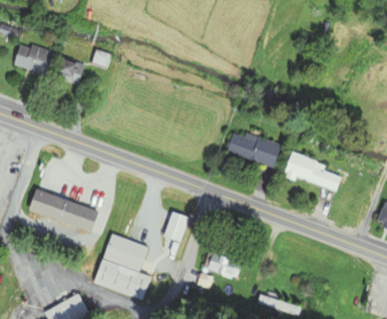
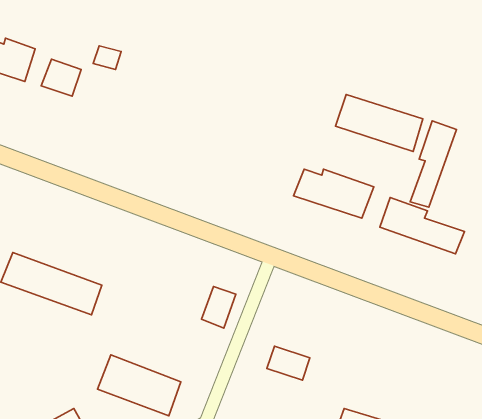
building: none -> [336,94,423,151]
building: none -> [410,121,456,207]
building: [103,234,147,269] -> none

